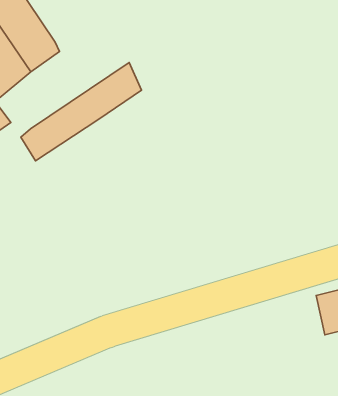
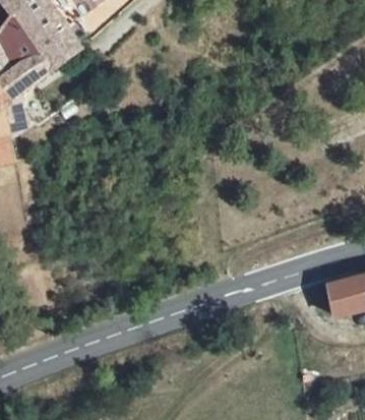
building: [21,63,142,161] -> none

